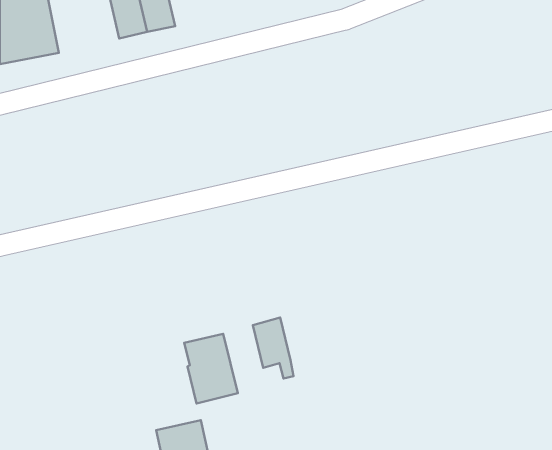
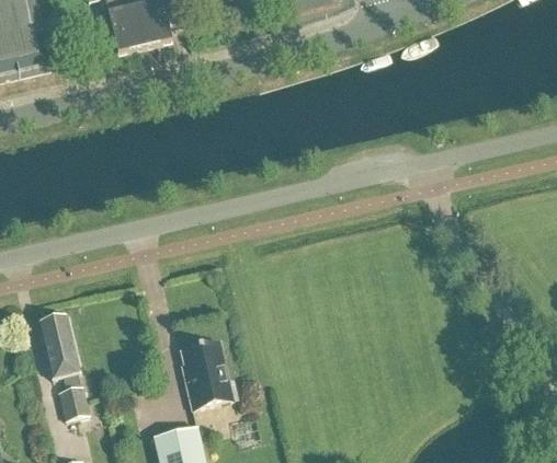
building: none -> [38,313,87,418]
building: [253,317,294,379] -> none

